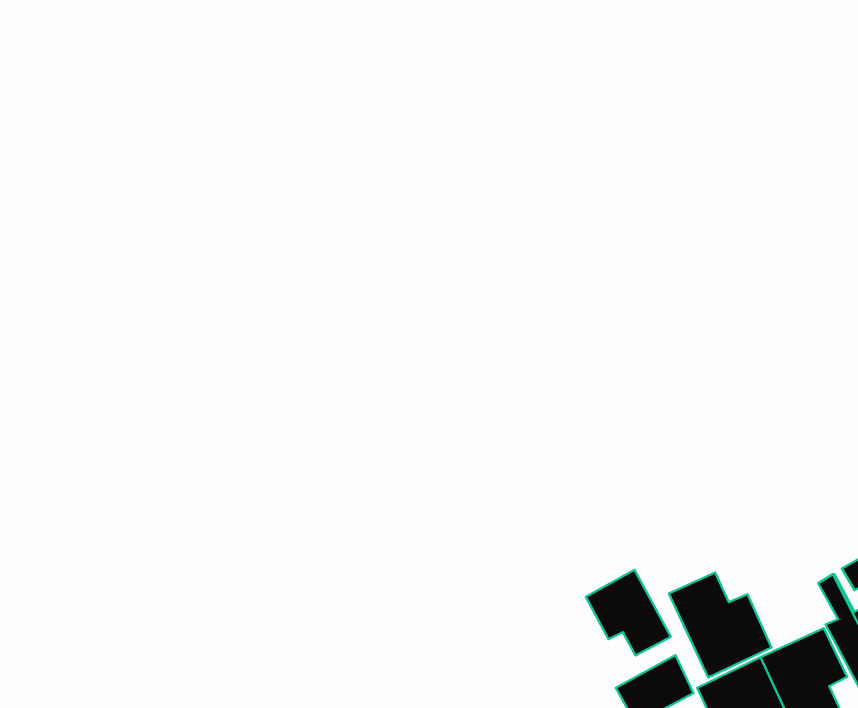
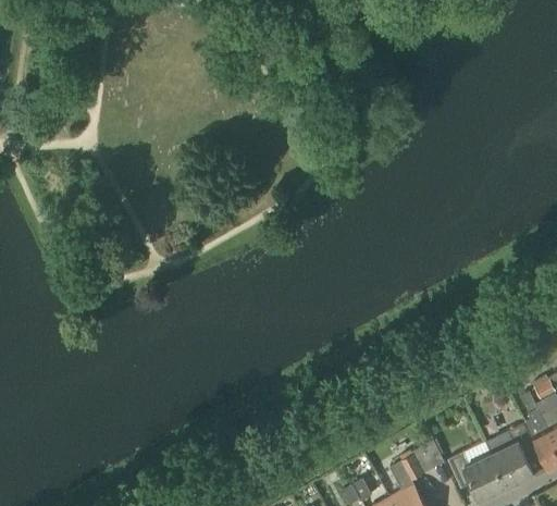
building: [586,570,671,655] -> none
building: [669,573,772,678] -> none

